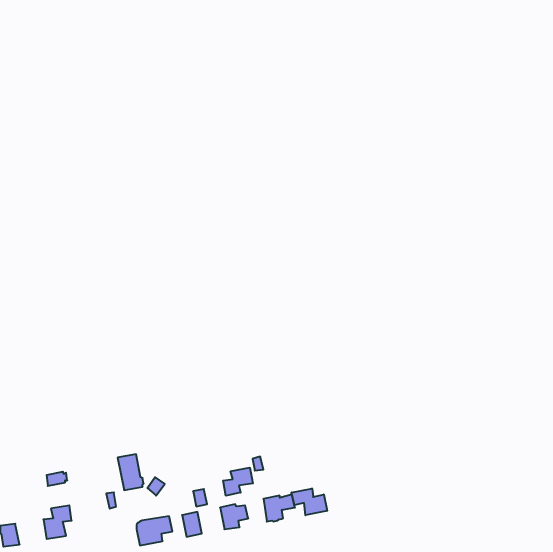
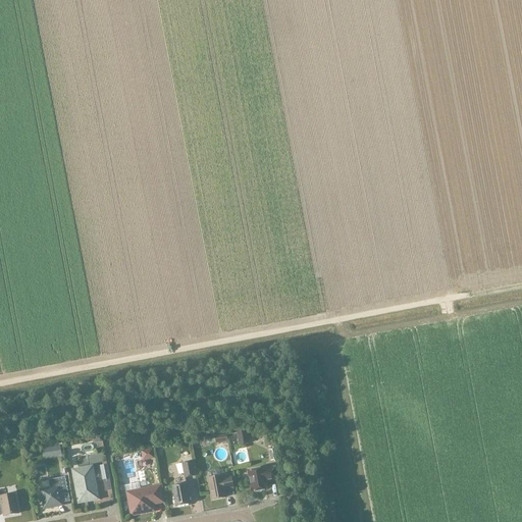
building: [118,454,144,490] -> [74,466,99,500]
building: [223,468,253,496] -> none
building: [292,488,327,515] -> none

